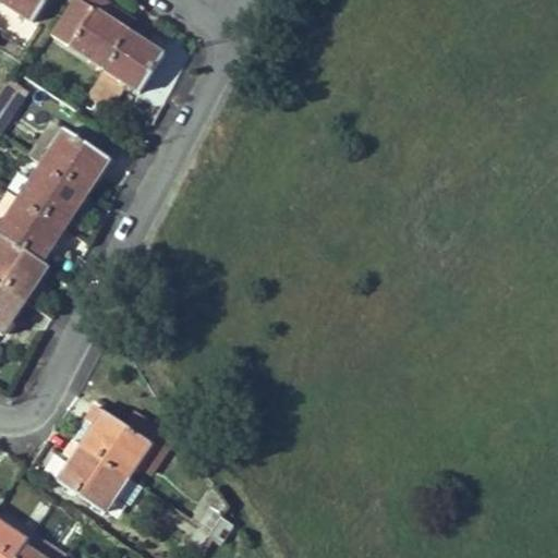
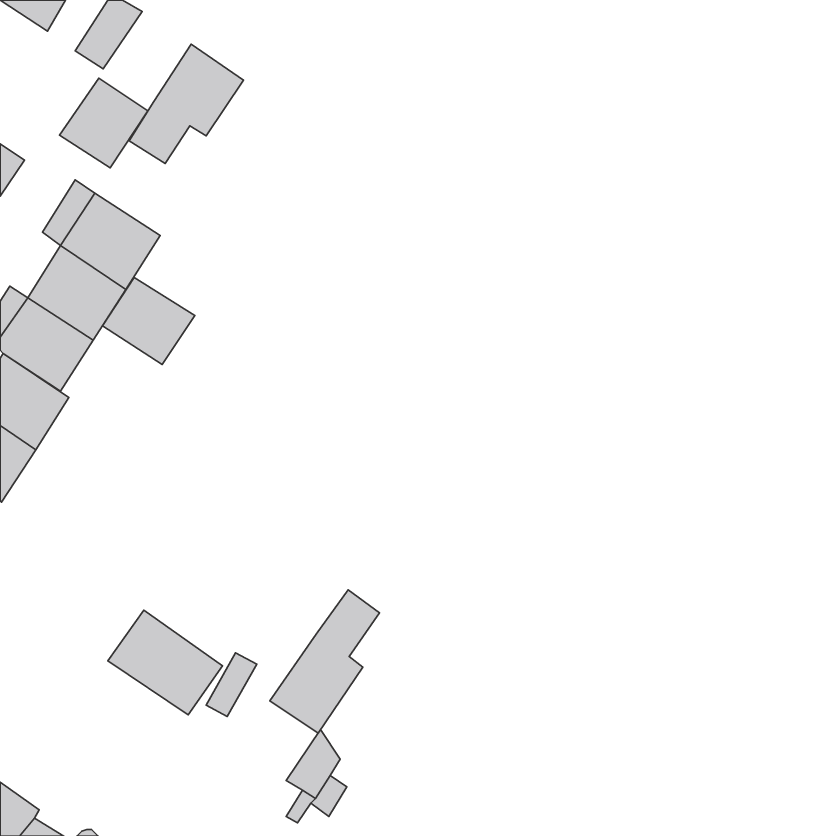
building: [70,8,129,68] -> [60,78,148,168]
building: none -> [103,277,195,364]
building: none -> [270,590,380,733]
building: [58,440,126,511] -> none

